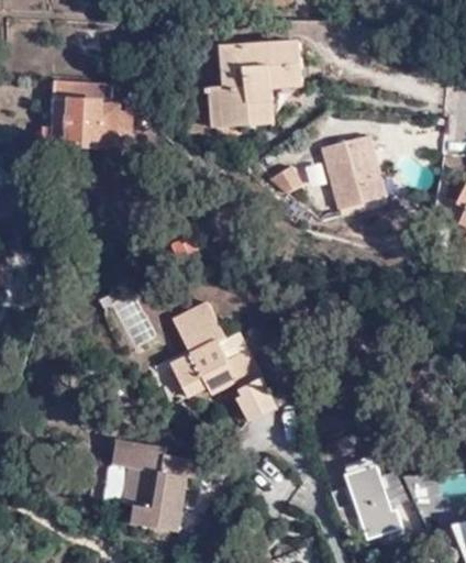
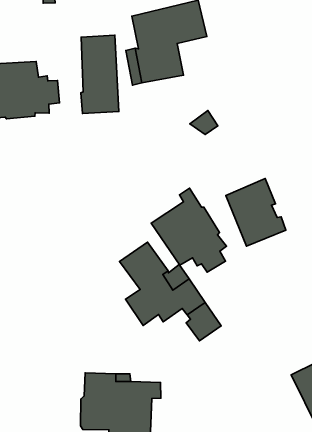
building: none -> [81,35,119,113]
building: [322,134,384,207] -> [226,179,286,246]
building: none -> [151,188,226,272]

